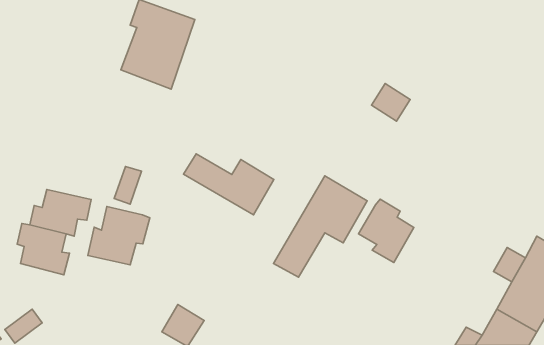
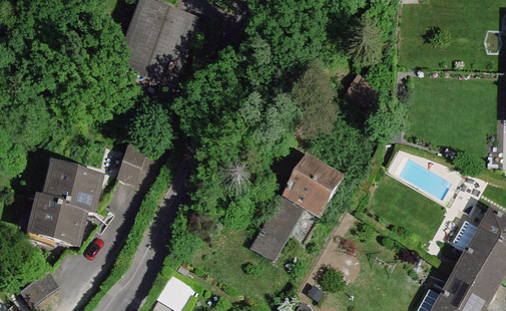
building: [184,154,274,215] -> none
building: [359,199,414,263] -> none
building: [88,207,150,265] -> none

